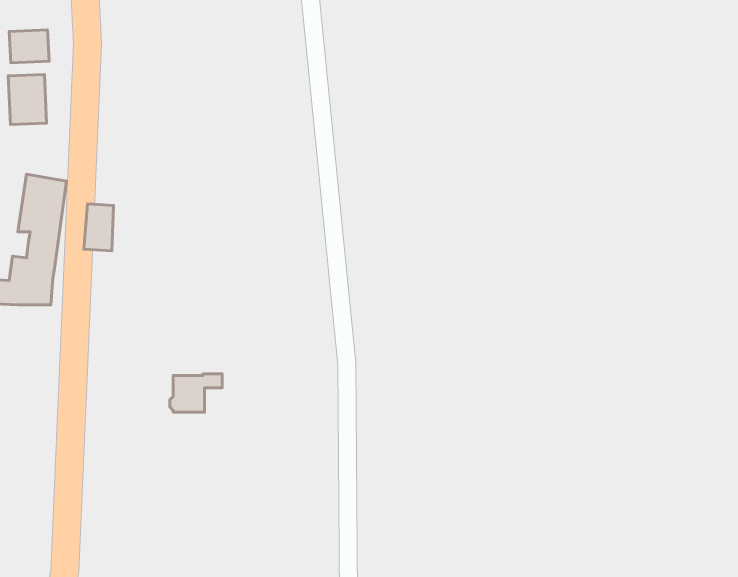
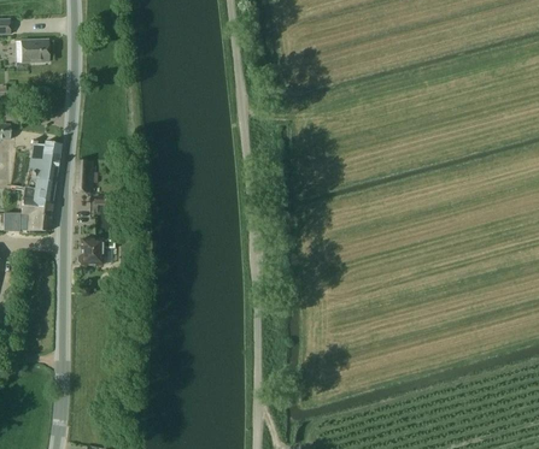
building: [8,74,47,124] -> none
building: [170,374,222,412] -> [78,238,115,265]

